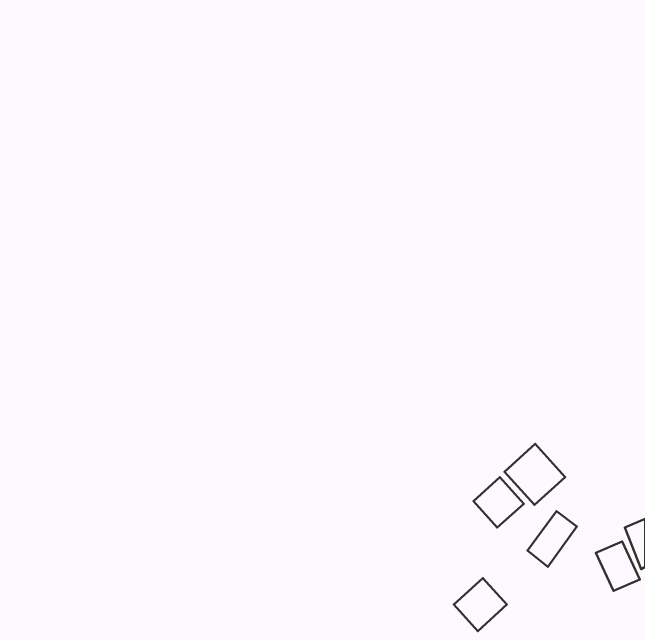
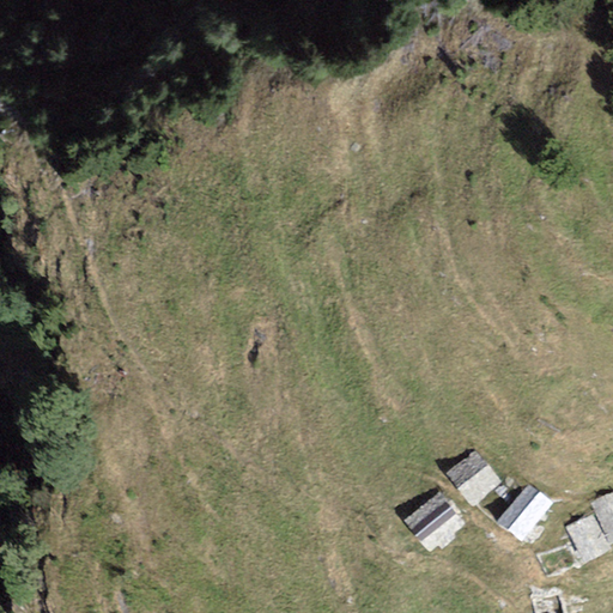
building: [504,444,565,505] -> none
building: [454,578,507,631] -> [408,494,459,545]

